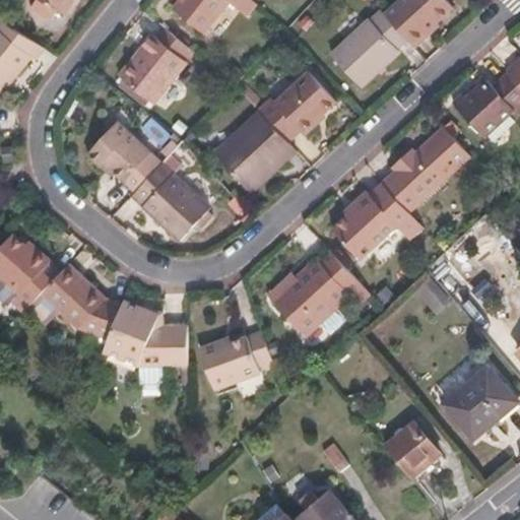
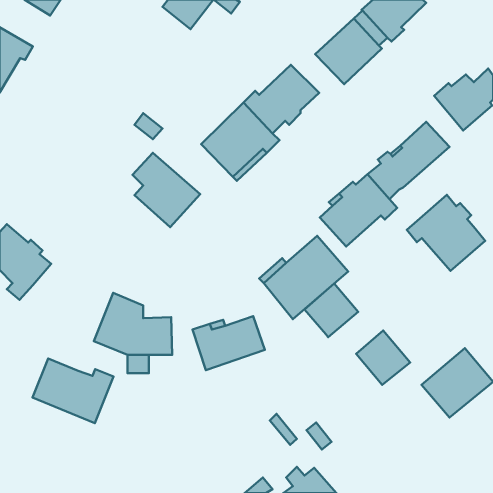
building: [122,37,184,104] -> none
building: [83,118,160,190] -> none
building: none -> [407,195,485,271]
building: [35,269,99,333] -> none
building: none -> [304,283,358,337]
building: none -> [32,359,114,423]
building: [384,421,441,478] -> [356,331,410,385]

